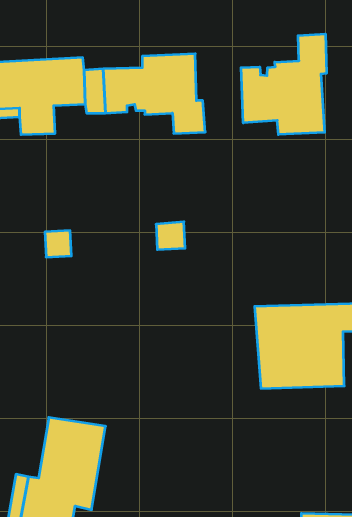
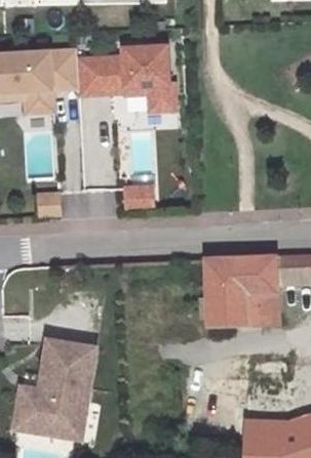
building: [241,34,326,135] -> none

